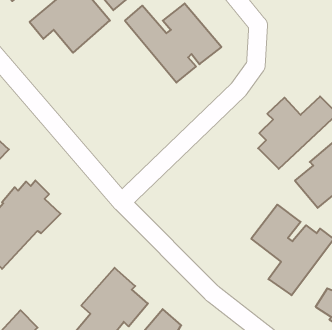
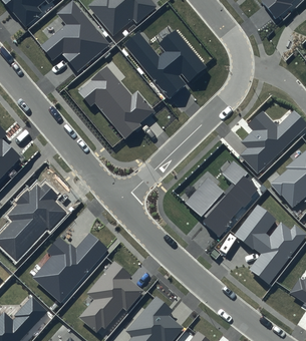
building: none -> [78,66,154,137]
building: none -> [187,159,259,236]
building: none -> [32,233,107,303]

